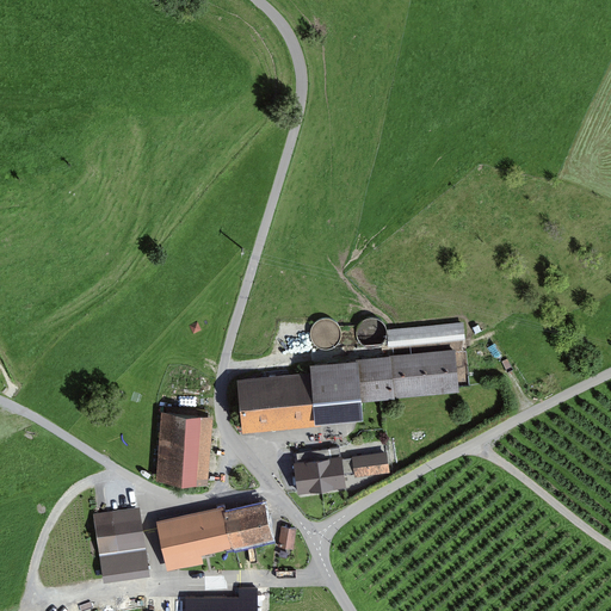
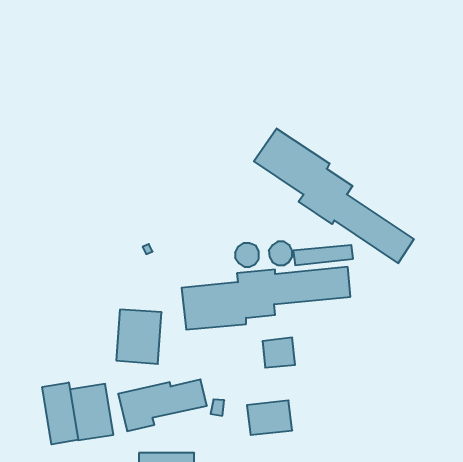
building: none -> [254,128,414,263]
building: [283,453,342,499] -> [247,400,292,435]
building: none -> [42,382,78,444]

